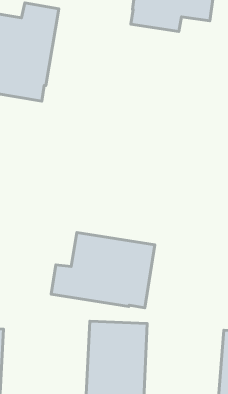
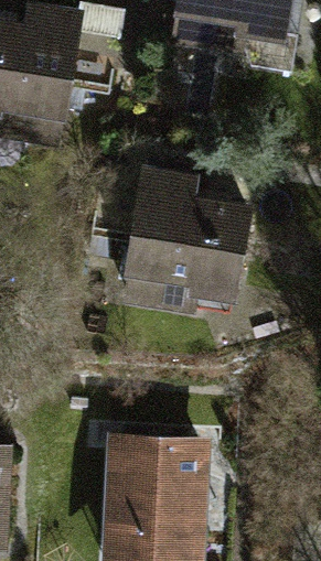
building: none -> [136,173,254,309]
building: [51,232,155,308] -> none

